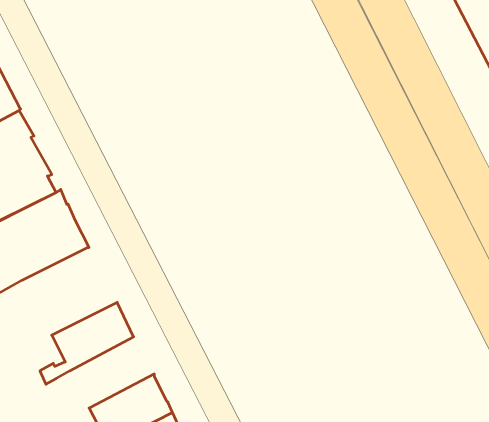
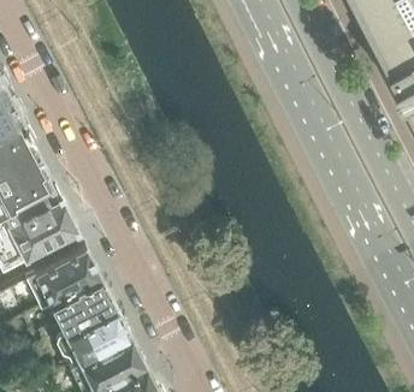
building: none -> [31,250,99,307]
building: none -> [60,308,129,366]

